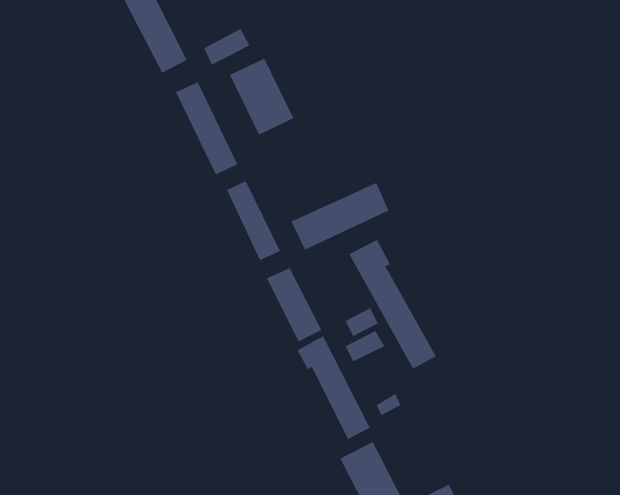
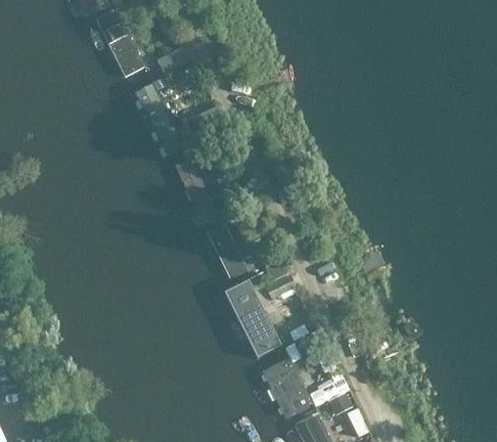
building: [229,58,294,135] -> none
building: [291,182,389,251] -> none
building: [349,239,437,369] -> none

